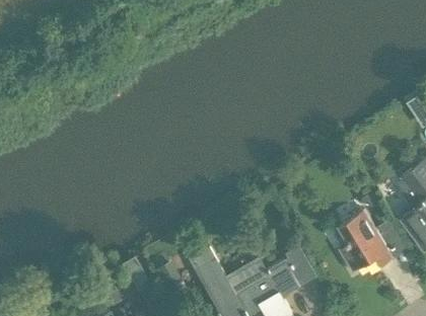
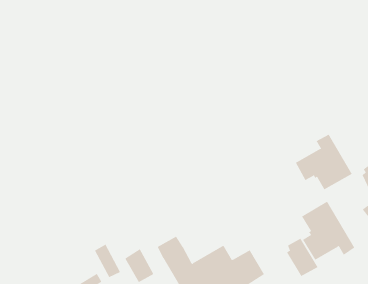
building: none -> [295,134,352,190]
building: [284,245,317,286] -> [286,238,319,277]

